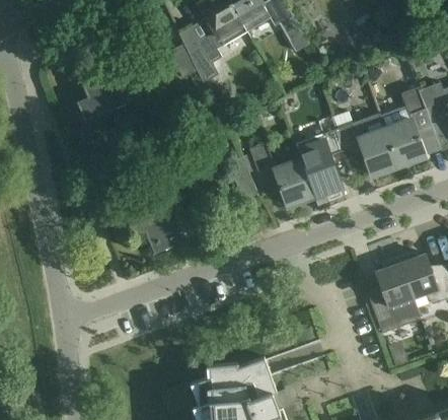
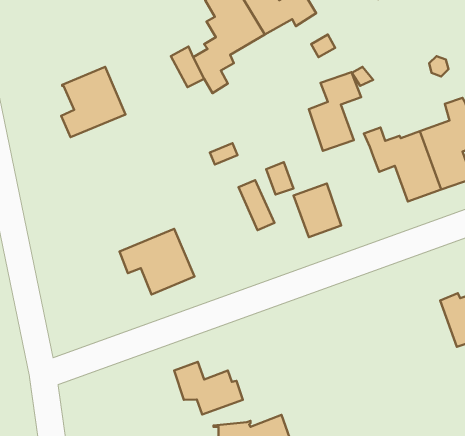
building: [302,129,347,196] -> [309,72,361,151]
building: [369,260,413,325] -> none
building: none -> [174,362,243,414]

